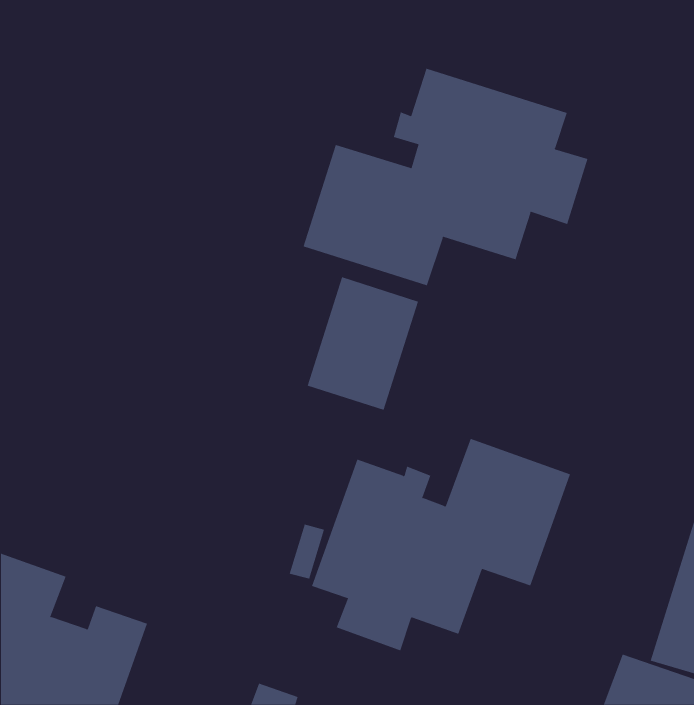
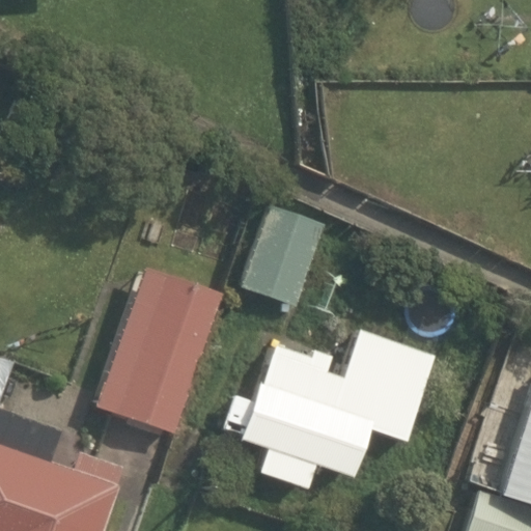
building: [303,68,588,286] -> none
building: none -> [93,268,223,436]

